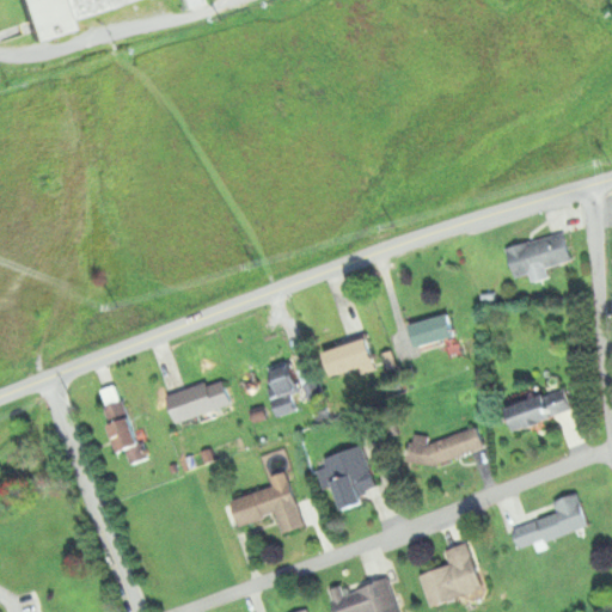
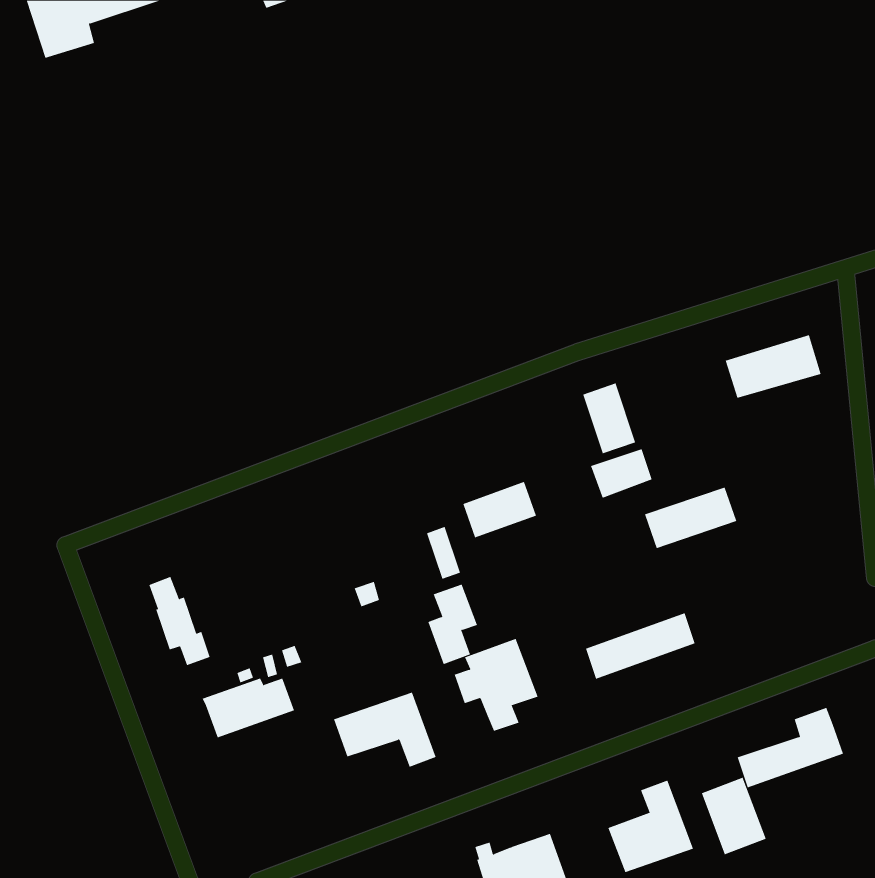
building: none -> [582,383,636,454]
building: [263,362,298,418] -> [428,584,478,665]
building: [164,381,228,423] -> [202,678,295,738]
building: [507,390,571,433] -> [644,487,737,549]
building: none -> [701,777,766,855]

